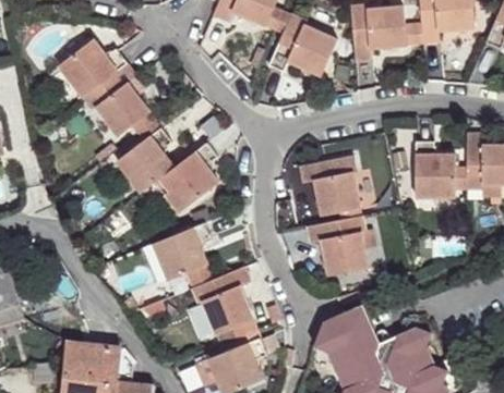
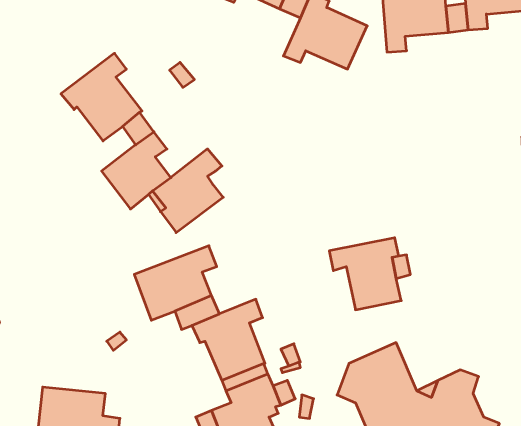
building: [59,39,128,97] -> none
building: [416,142,456,197] -> none
building: [299,155,360,216] -> none

